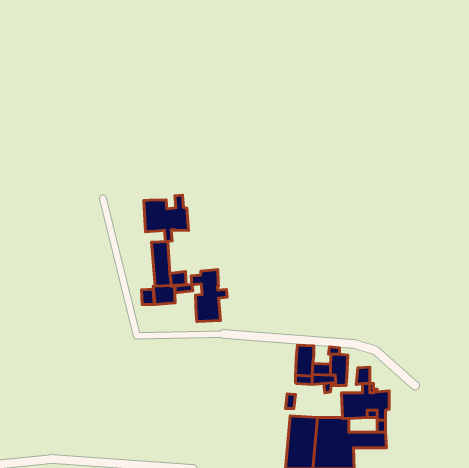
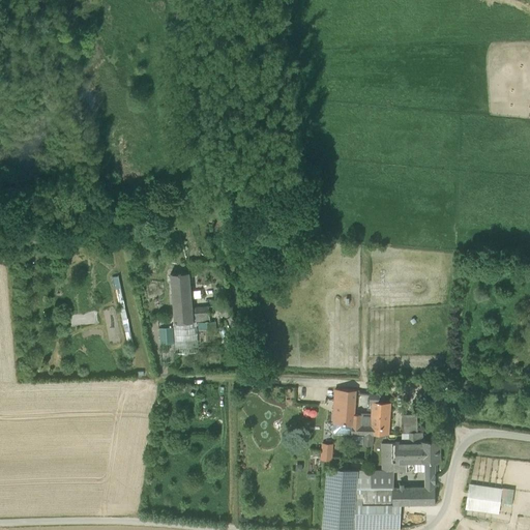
building: [144,195,189,241] -> none
building: [191,270,227,322] -> none
building: none -> [466,484,501,514]

